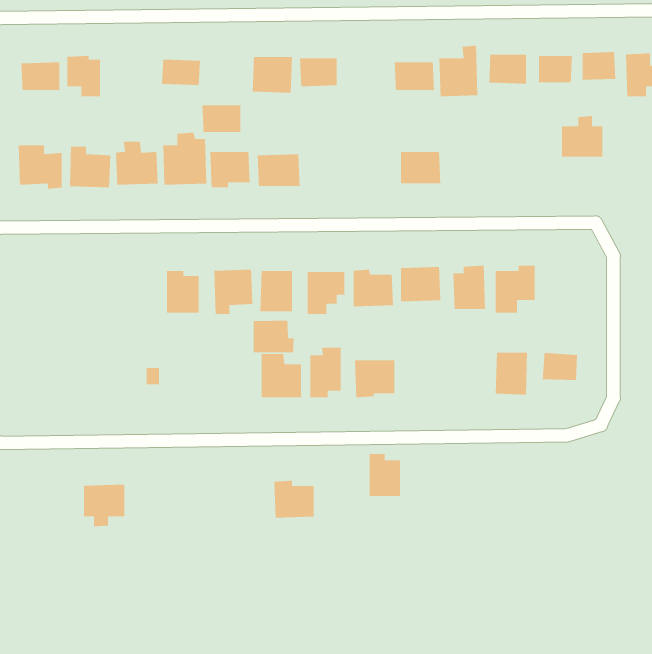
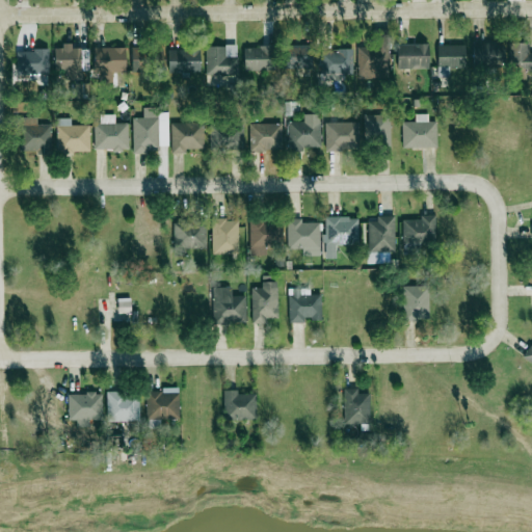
building: none -> [286,45,313,69]
building: none -> [95,47,127,84]
building: [202,105,241,133] -> [168,49,201,72]
building: [561,115,603,157] -> [403,113,437,148]
building: none -> [289,114,322,149]
building: none -> [366,115,392,148]
building: none -> [250,124,284,151]
building: [253,320,295,353] -> none
building: [542,352,578,381] -> none
building: [369,453,401,497] -> [345,389,371,424]
building: none -> [147,389,180,420]
building: none -> [107,392,139,421]

